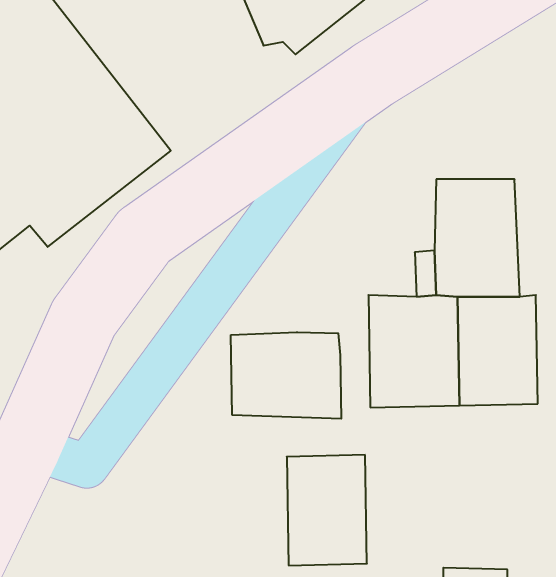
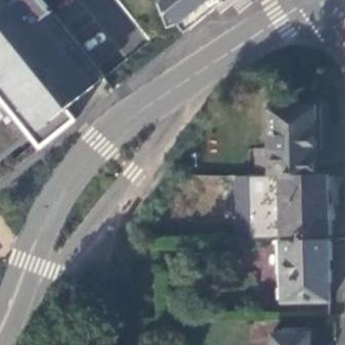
building: [231,332,341,419] -> none
building: [287,455,367,565] -> [281,236,327,300]

